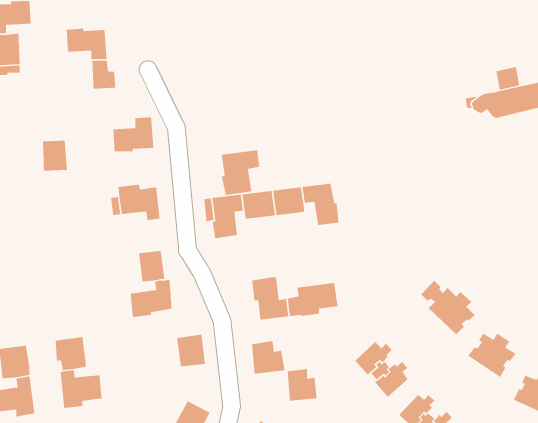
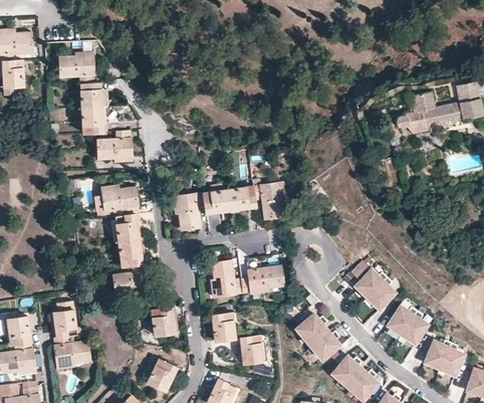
building: [42,140,68,172] -> [82,107,103,133]
building: [221,150,260,196] -> none
building: none -> [116,214,139,241]

